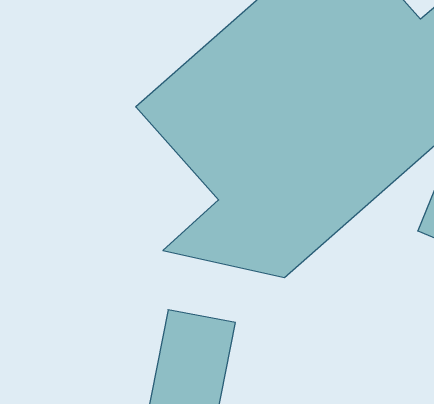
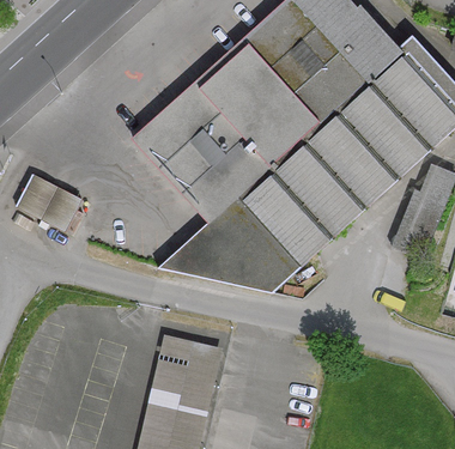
building: none -> [18,174,83,229]

